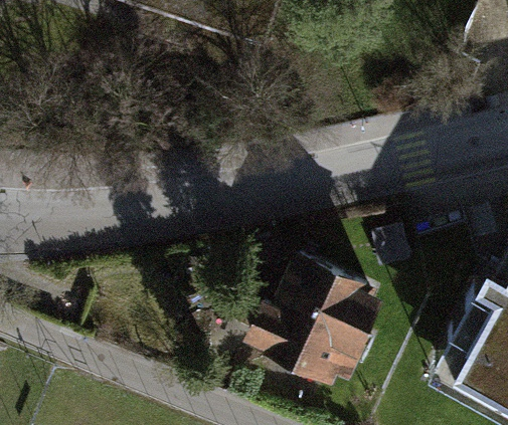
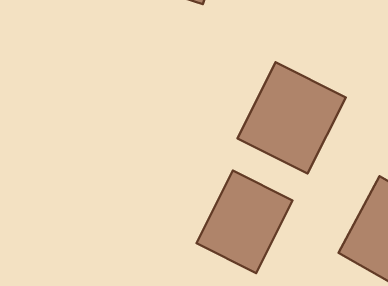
building: none -> [237,62,346,174]

